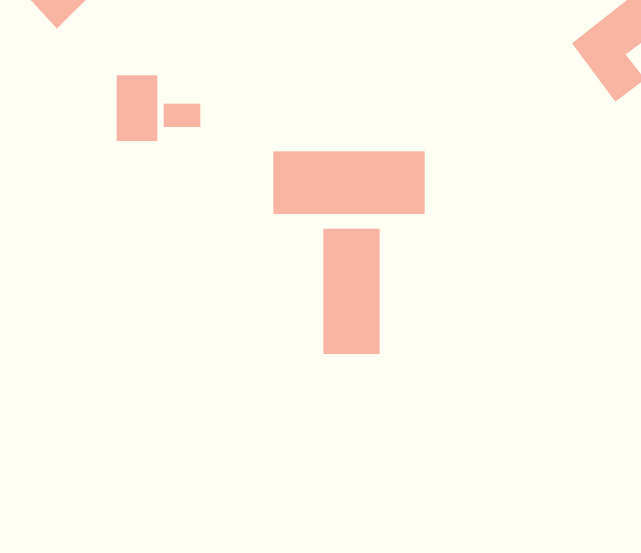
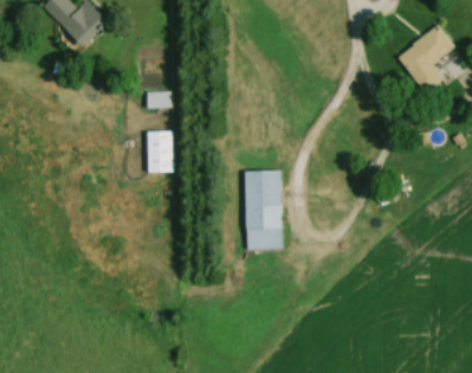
building: [116,74,158,142] -> [147,130,173,172]
building: [272,150,425,215] -> none

